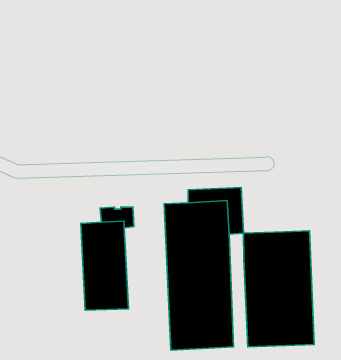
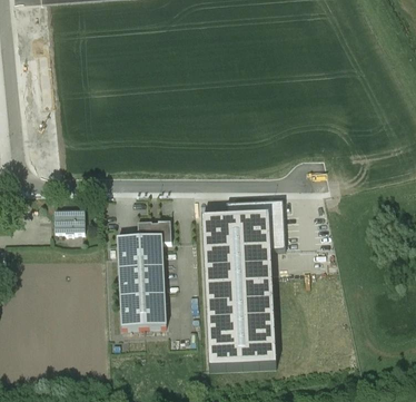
building: none -> [56,208,86,232]
building: [243,231,314,347] -> none

